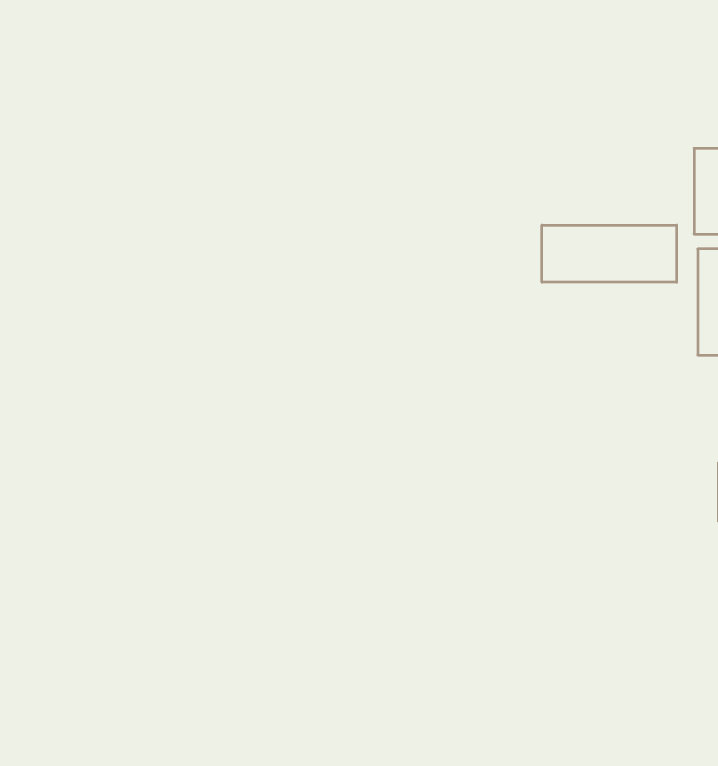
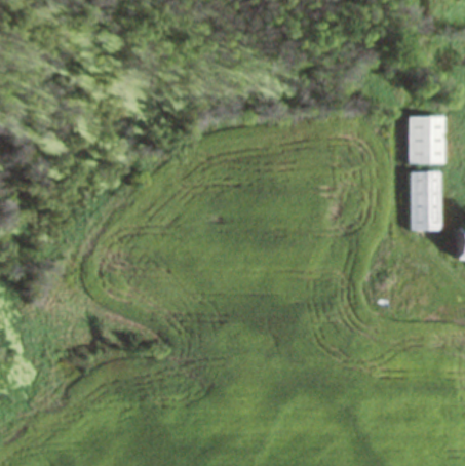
building: [542,225,677,282] -> none

